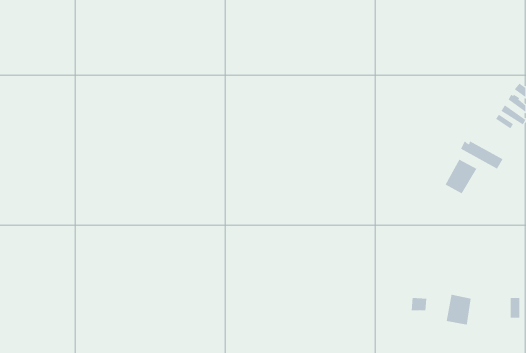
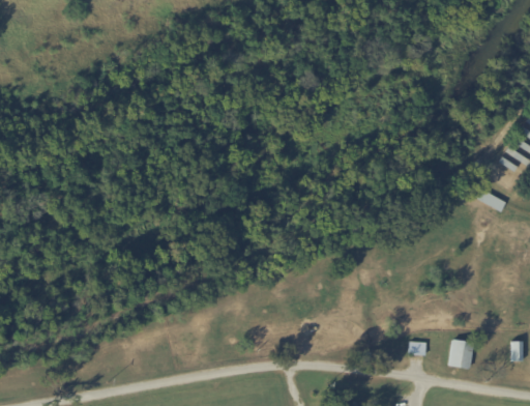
building: [445,159,477,194] -> none

